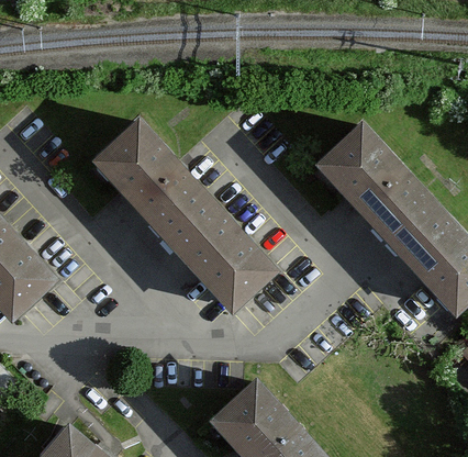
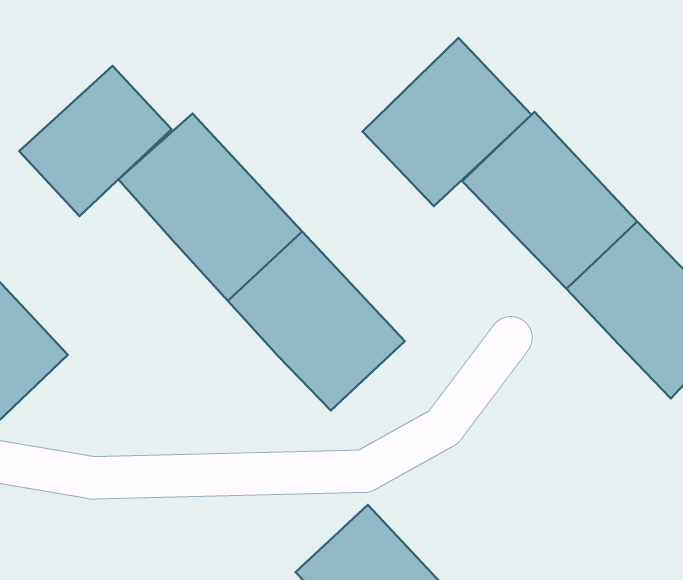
building: none -> [362,38,532,206]
building: none -> [19,66,171,216]

